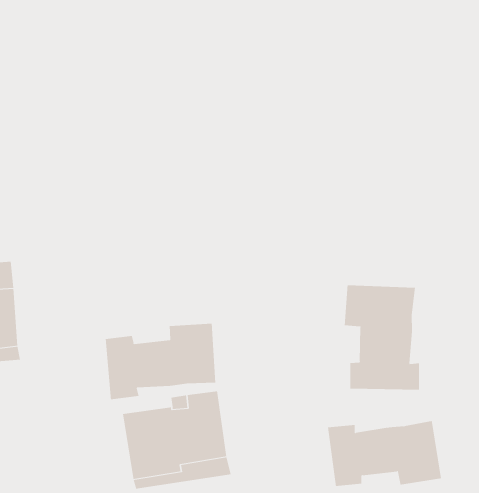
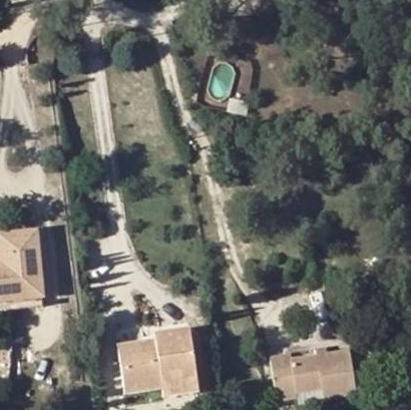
building: [344,284,419,390] -> none
building: [105,323,216,400] -> none

